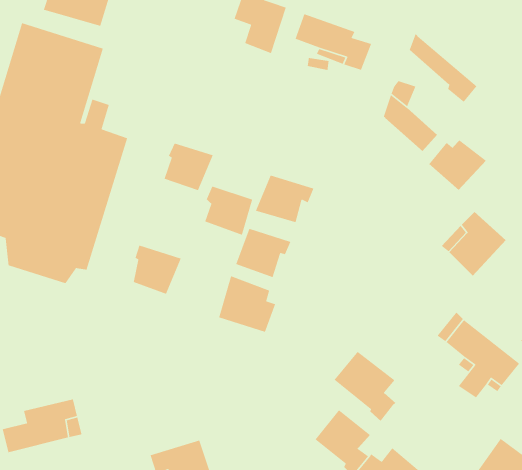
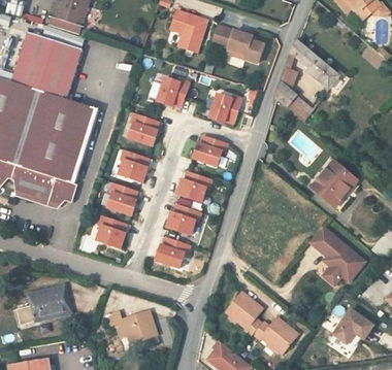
building: none -> [152,73,188,106]
building: none -> [203,91,240,123]
building: [428,139,487,191] -> none
building: [204,185,253,236] -> [113,147,146,181]
building: none -> [92,212,127,247]
building: none -> [151,234,190,267]
building: [334,351,397,422] -> none

